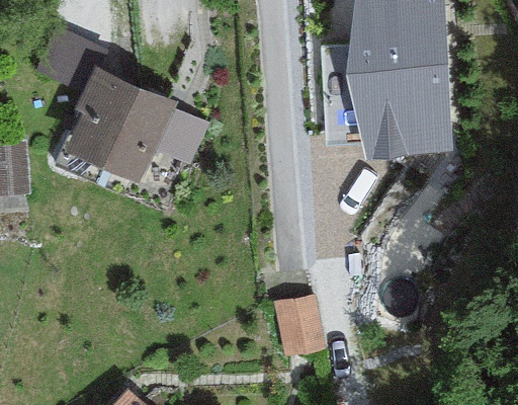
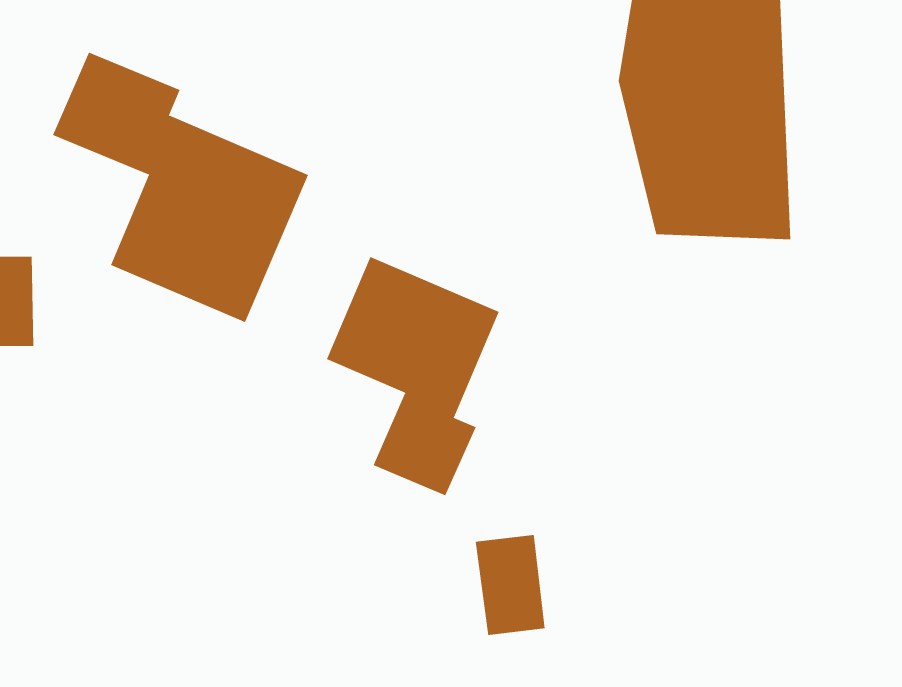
building: none -> [326,256,499,496]

